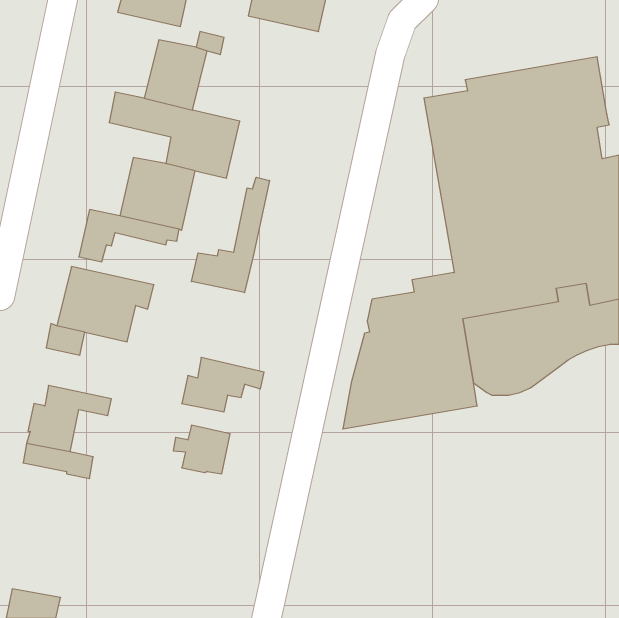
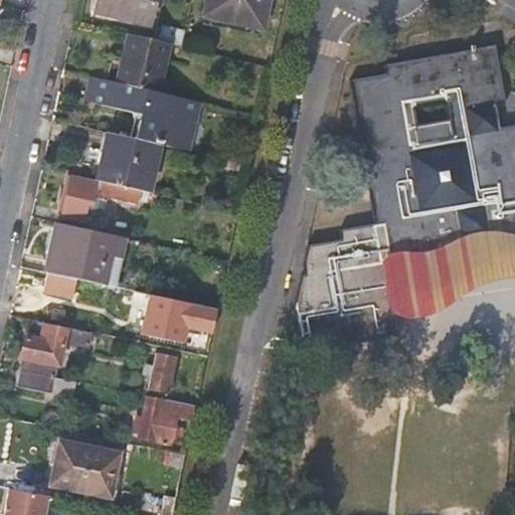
building: [191,177,270,293] -> none
building: none -> [133,394,198,444]
building: none -> [52,441,122,496]

